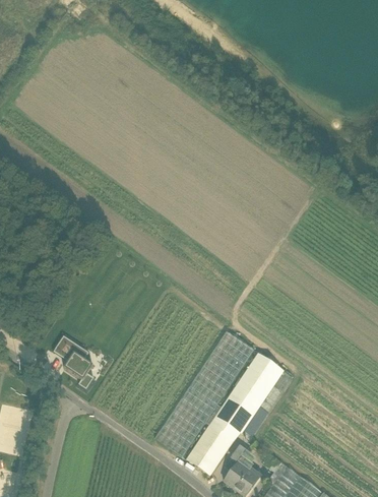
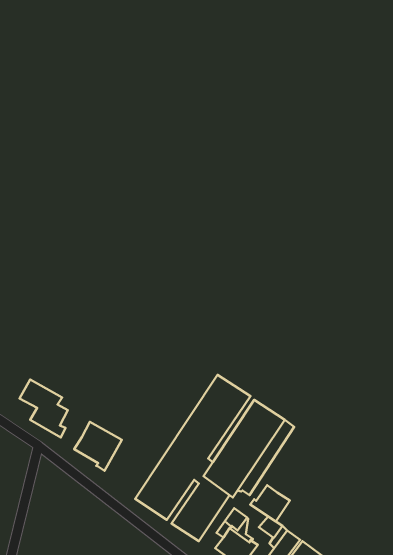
building: none -> [74,422,122,471]
building: none -> [250,485,290,521]

